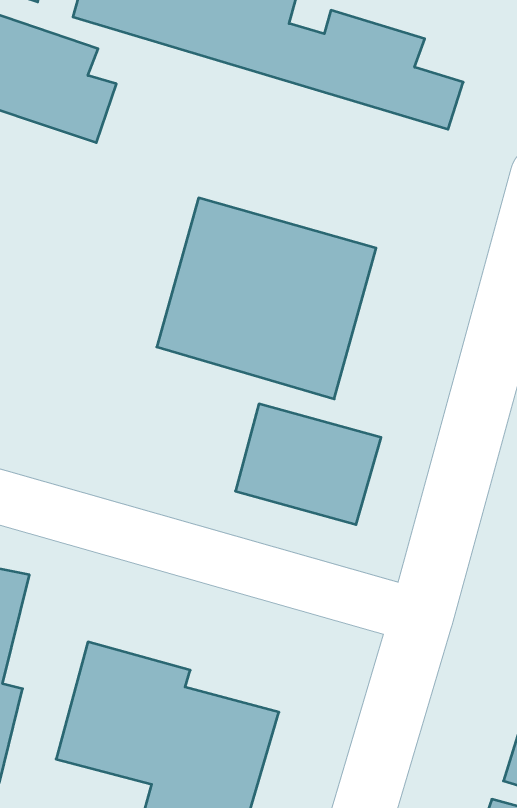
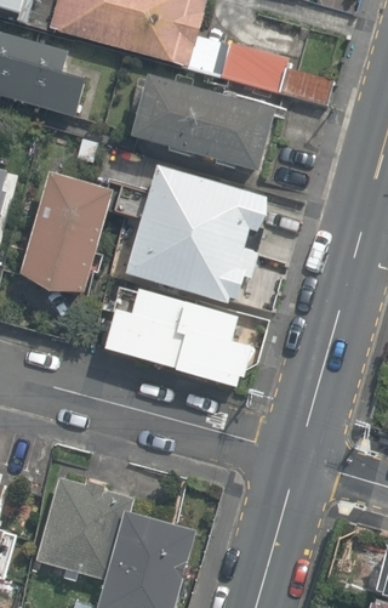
building: none -> [116,72,287,183]
building: none -> [13,166,110,290]
building: none -> [99,289,190,371]

